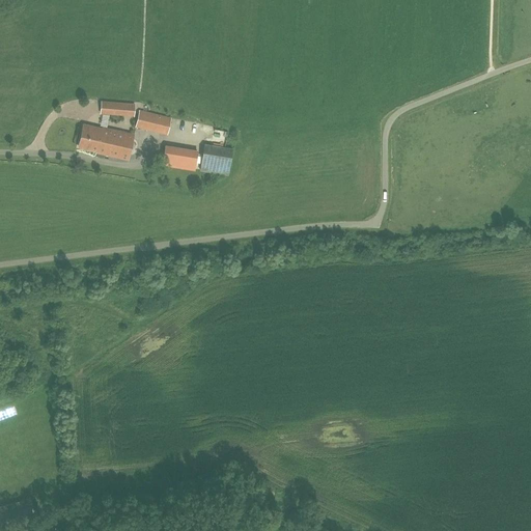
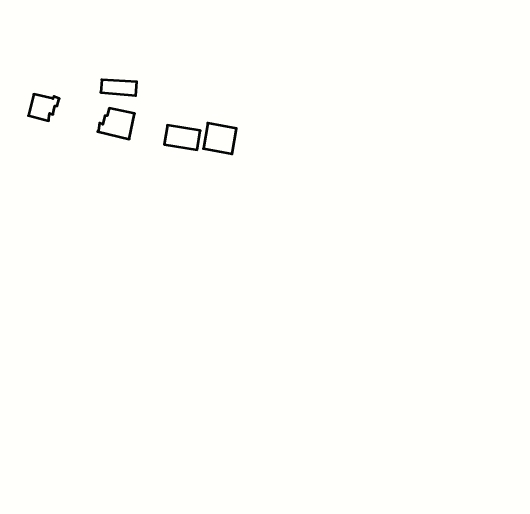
building: [135,109,171,134] -> none
building: [78,124,108,150] -> [28,94,59,121]

